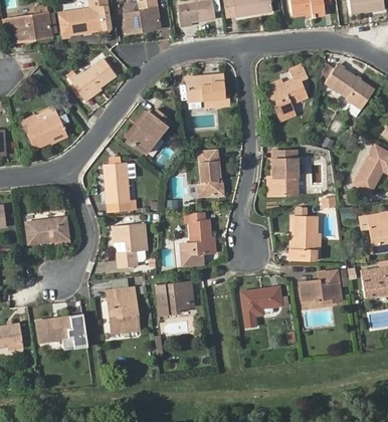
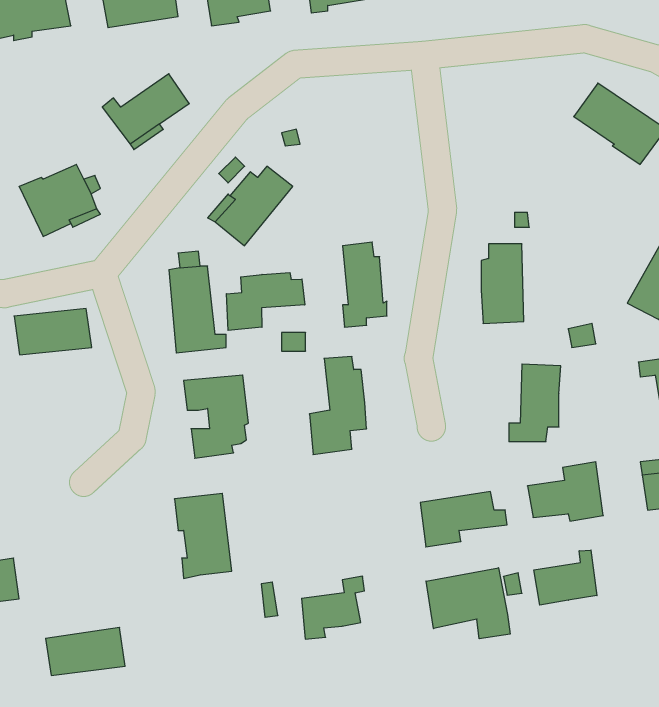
building: [267,64,308,120] -> none
building: [188,74,228,107] -> none
building: none -> [226,273,305,330]
building: [26,218,68,243] -> [14,309,92,355]
building: [157,281,191,315] -> [302,576,364,639]
building: [37,315,80,342] -> [46,627,125,675]
building: none -> [534,550,597,605]
building: none -> [426,568,510,639]

